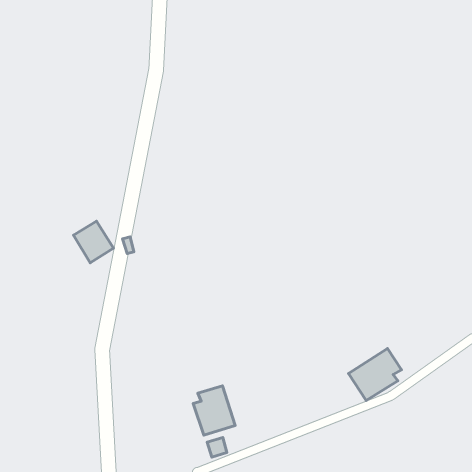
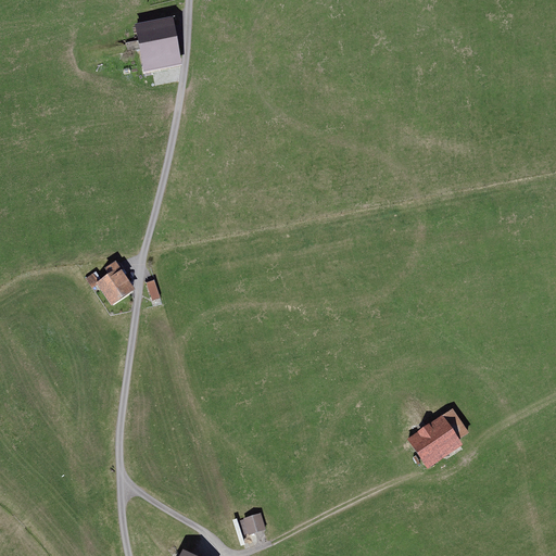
building: none -> [132,17,180,72]
building: [193,386,235,435] -> none

